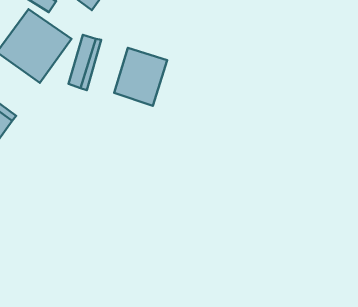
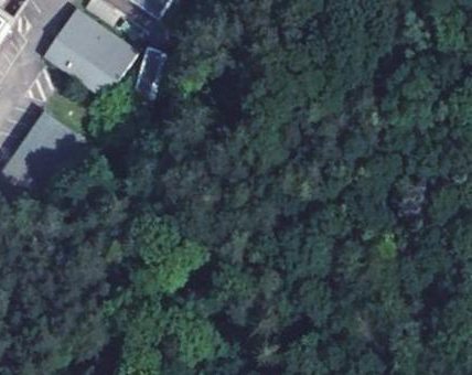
building: [114,48,167,106] -> none

